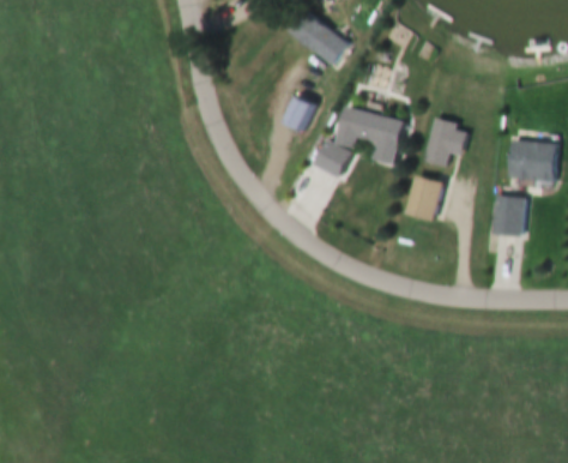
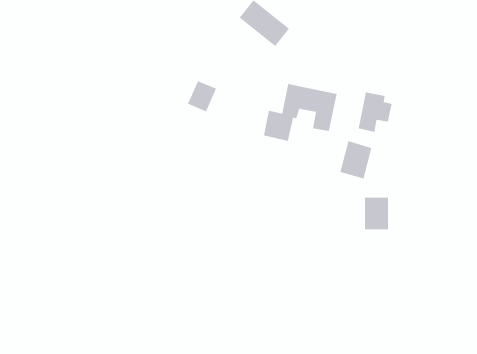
building: [282,96,316,133] -> [187,81,217,112]
building: [509,140,556,181] -> none
building: [495,197,524,235] -> [364,197,389,230]

